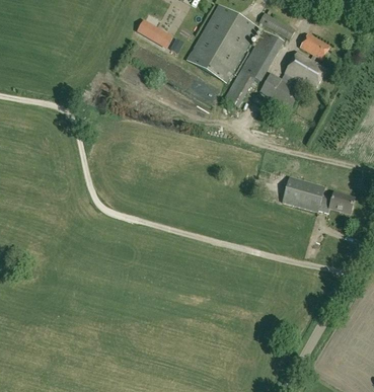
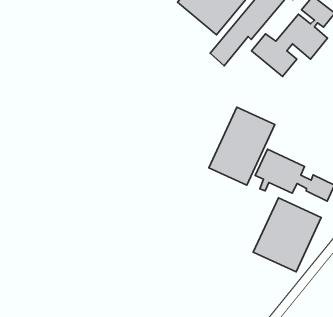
building: none -> [209,107,275,185]
building: none -> [253,198,321,272]

